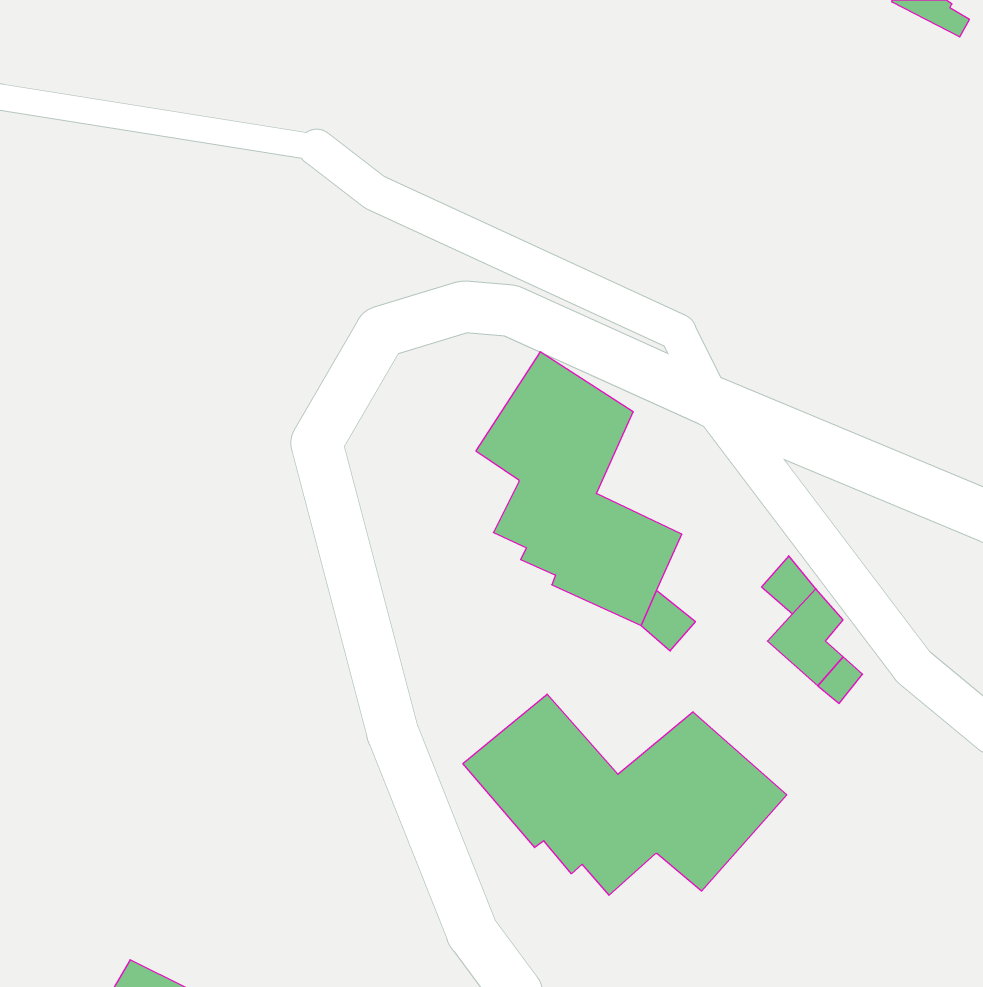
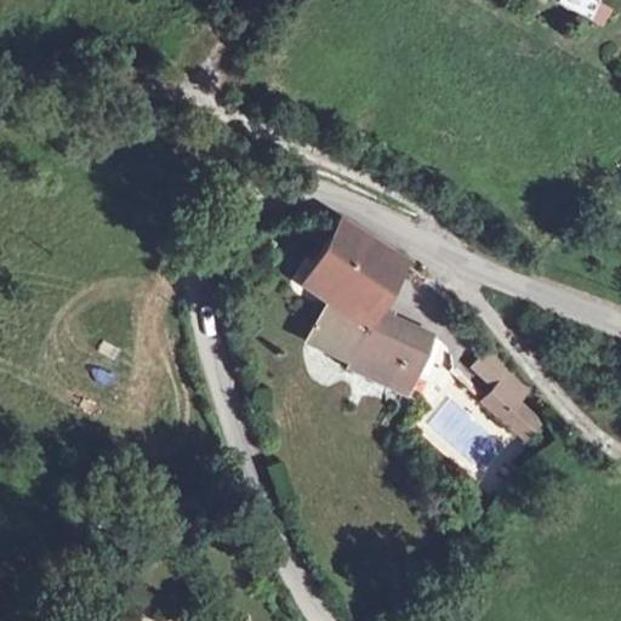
building: [463,694,787,895] -> none

